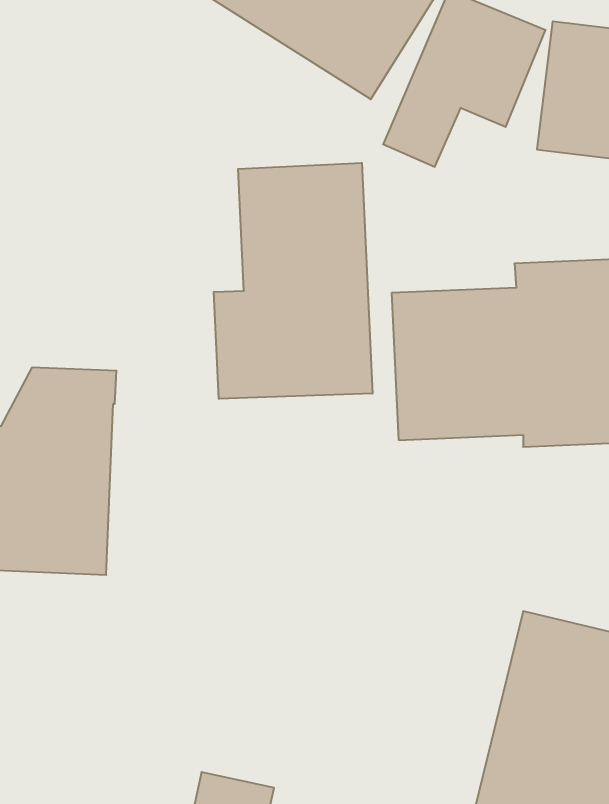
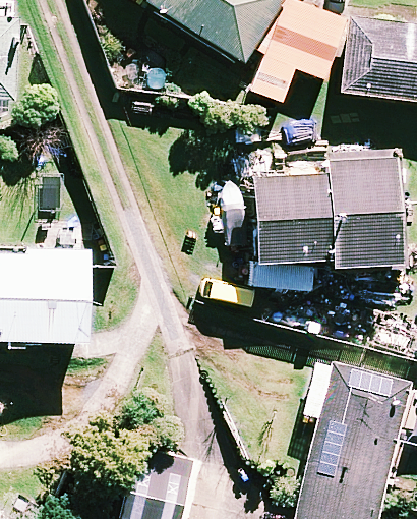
building: [214,163,373,399] -> none

